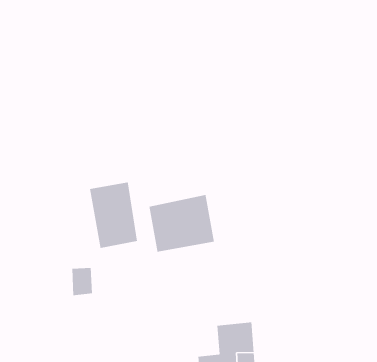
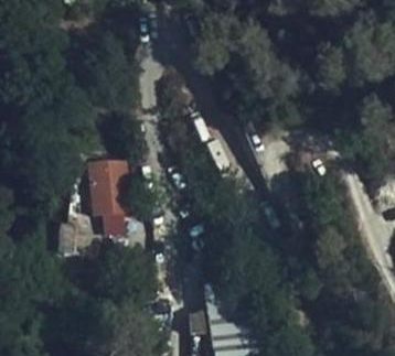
building: [149,194,214,253] -> none

